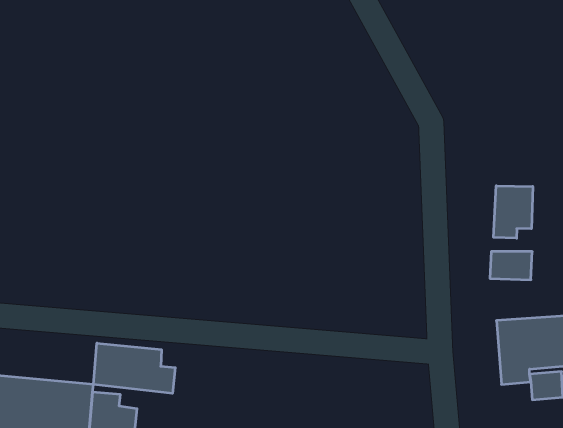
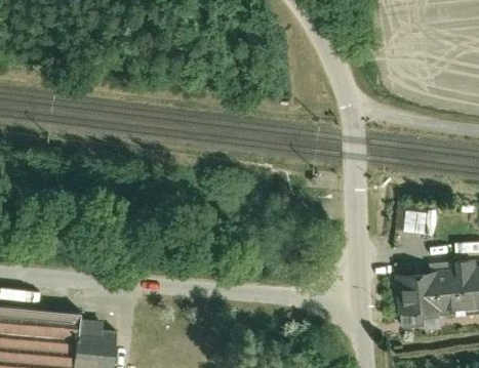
building: [494,186,533,238] -> none
building: [94,343,175,393] -> none

